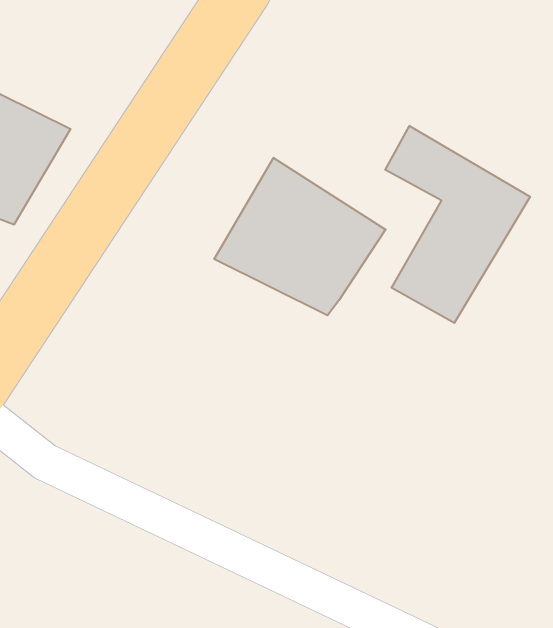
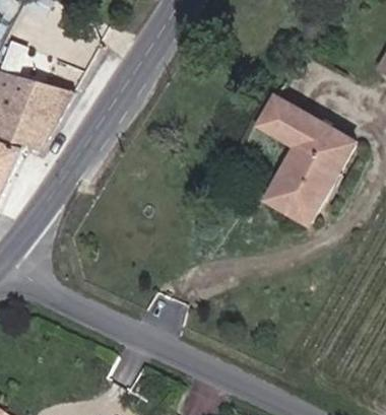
building: [214,158,386,315] -> none

